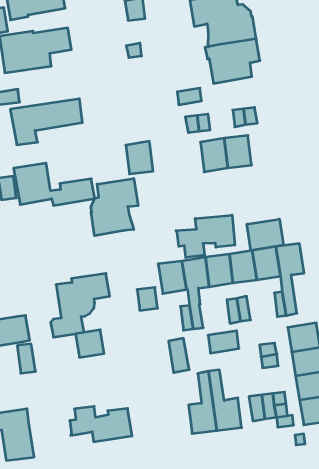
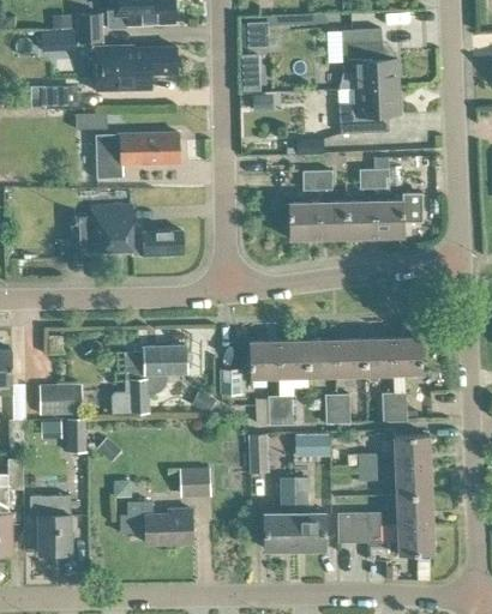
building: none -> [374,193,425,237]
building: [126,141,153,174] -> [288,203,317,239]
building: [91,178,138,236] -> none
building: [176,215,235,258] -> none
building: [247,219,283,250] -> none
building: [76,330,104,357] -> [180,468,211,498]

